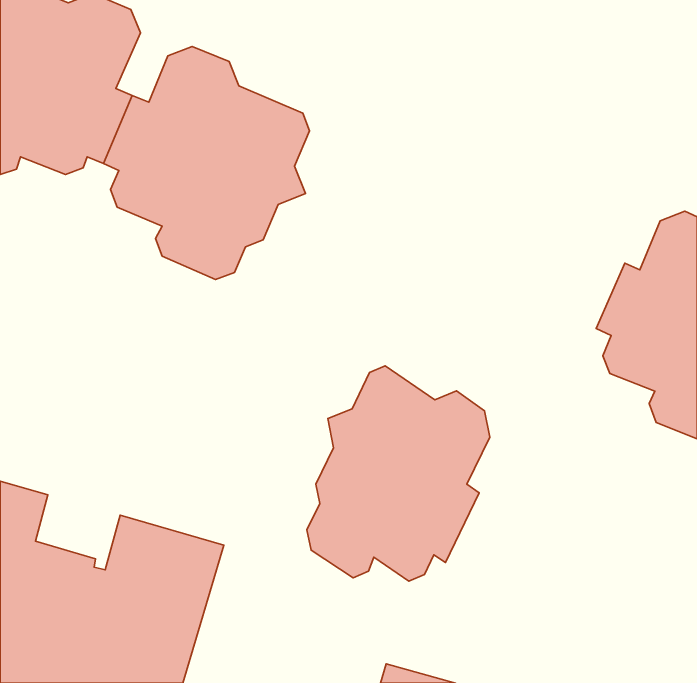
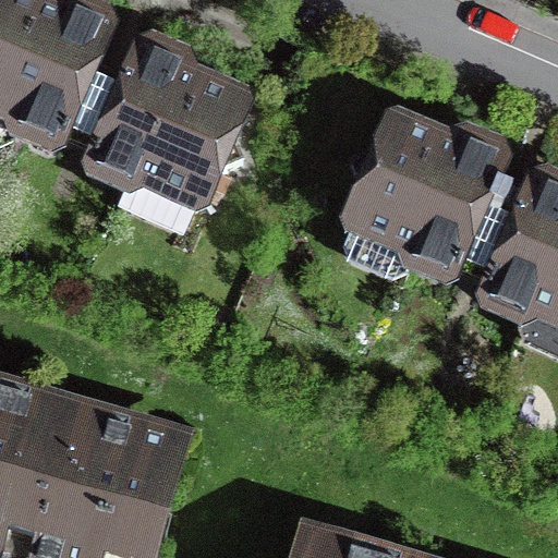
building: none -> [344,113,512,272]
building: [307,366,490,581] -> none

